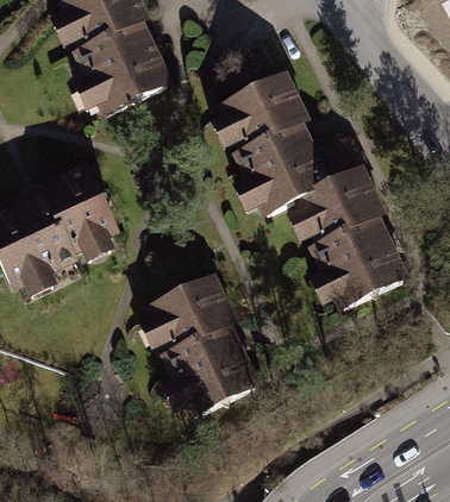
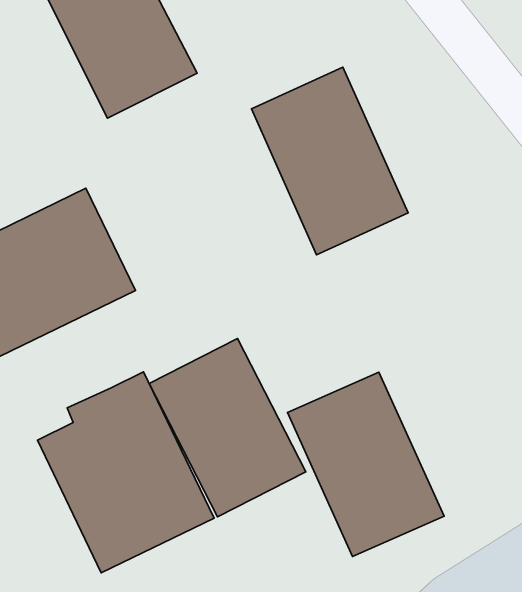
building: [290,171,411,313] -> [288,372,444,557]
building: none -> [37,372,214,573]

